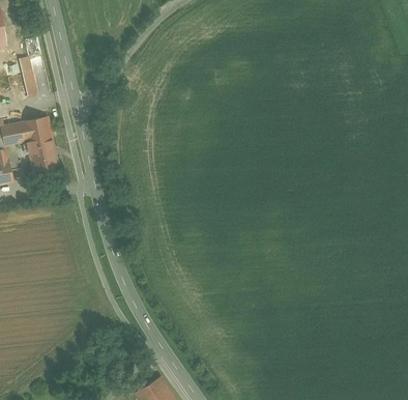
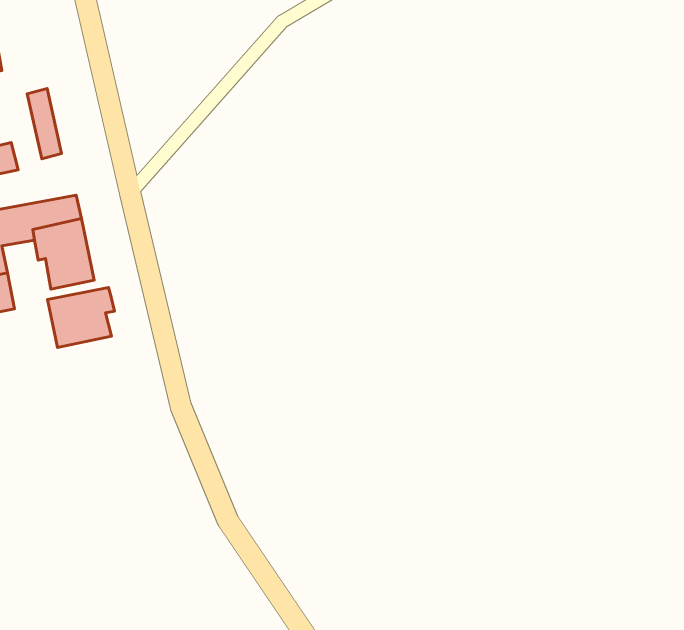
building: none -> [47,287,115,348]

